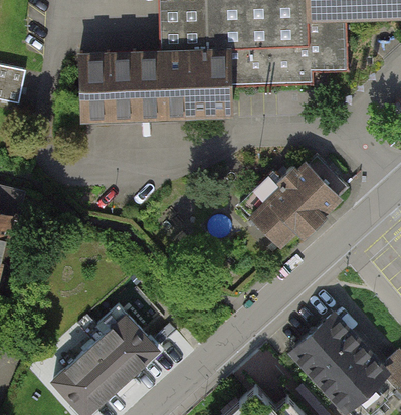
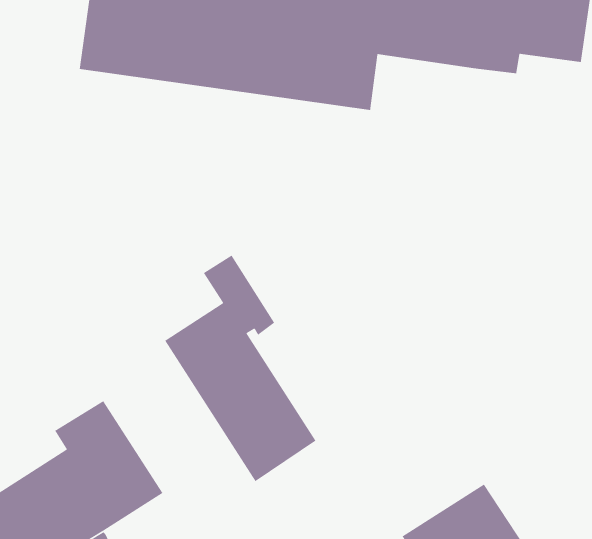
building: [239,153,347,242] -> none
building: none -> [164,255,317,482]

